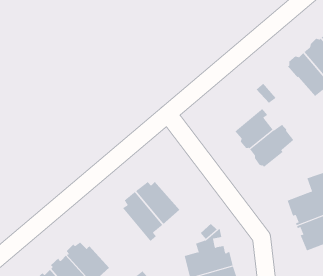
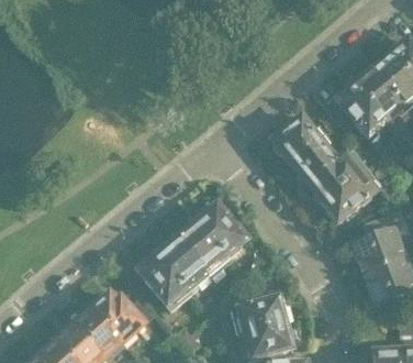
building: none -> [336,86,384,142]
building: none -> [272,117,323,163]
building: none -> [324,173,380,221]
building: none -> [193,204,247,255]
building: none -> [137,249,191,309]

